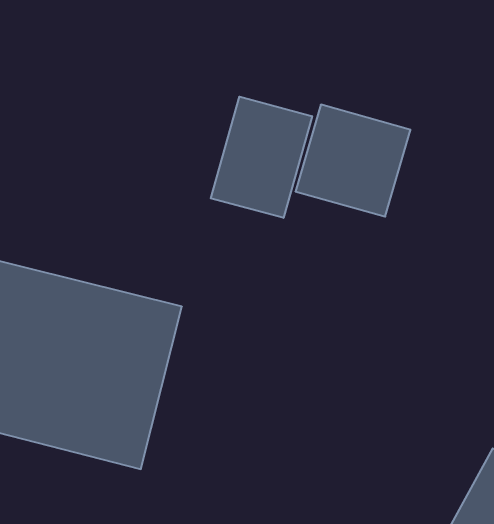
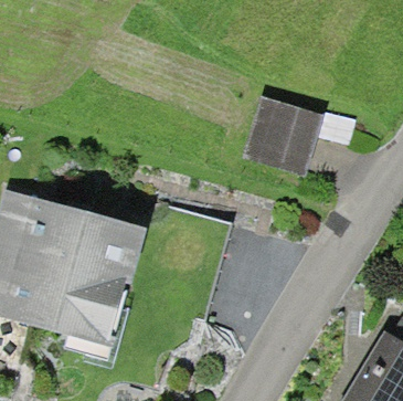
building: [211,97,312,218] -> none

